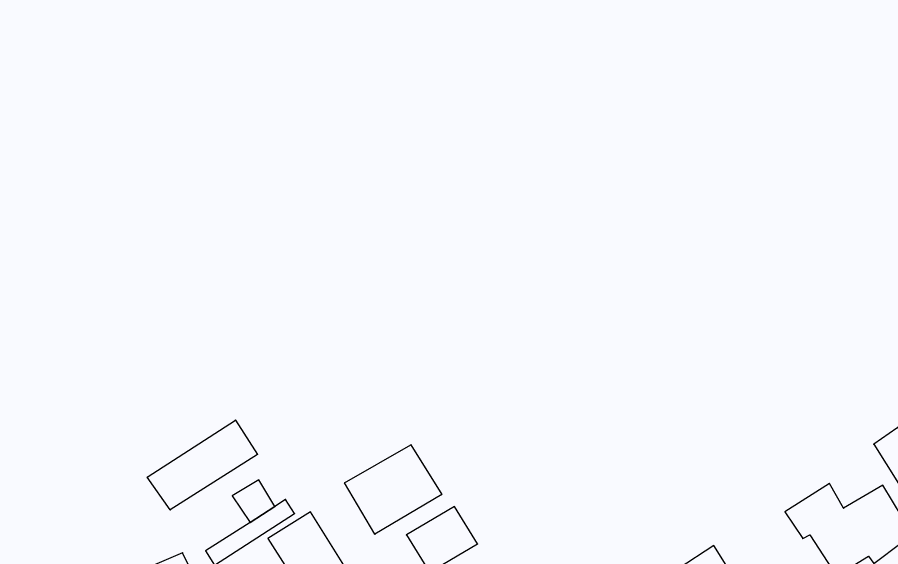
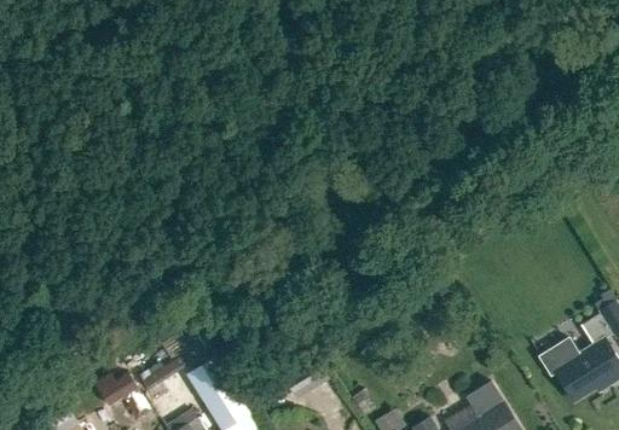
building: [147,420,258,510] -> none
building: [345,445,442,534] -> none

